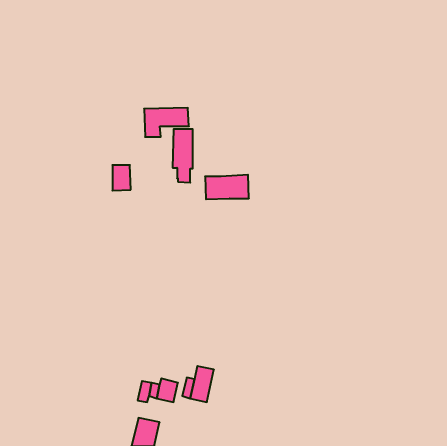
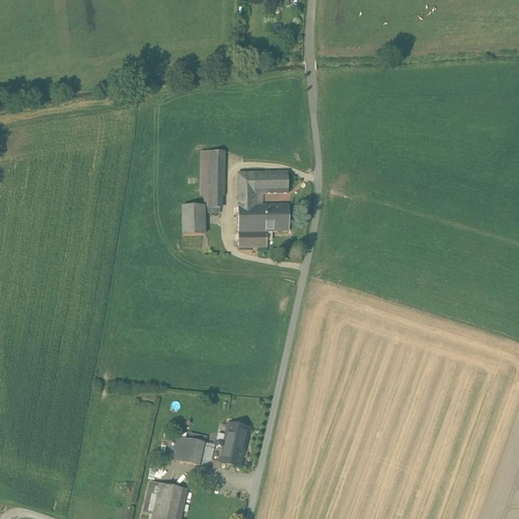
building: [144,108,189,137] -> [237,170,289,204]
building: [112,165,131,191] -> [183,204,205,233]
building: none -> [239,229,267,245]

